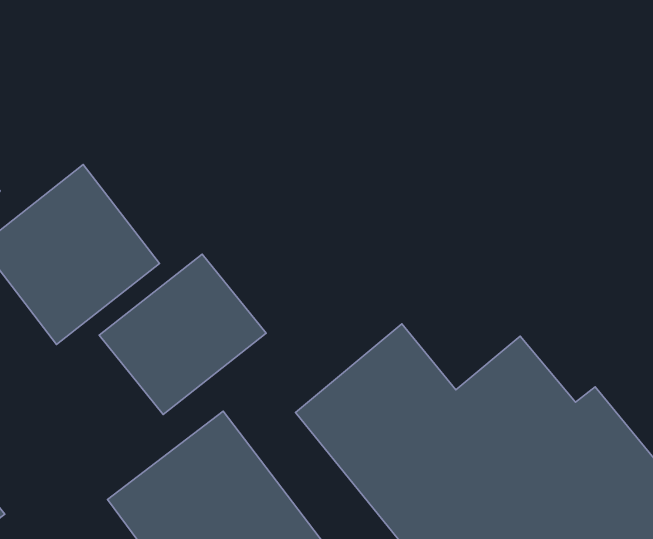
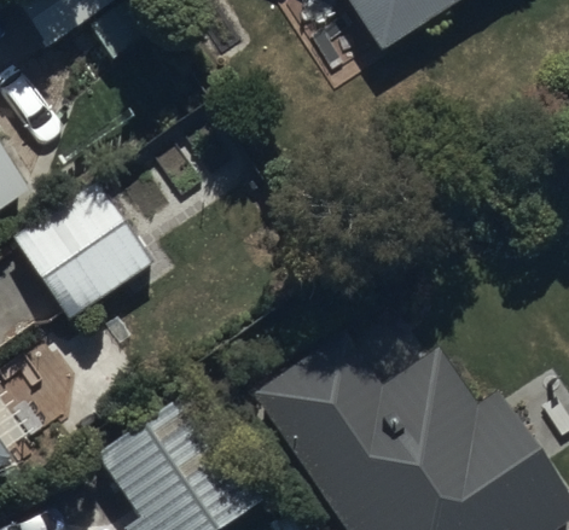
building: [99,254,266,414] -> none

